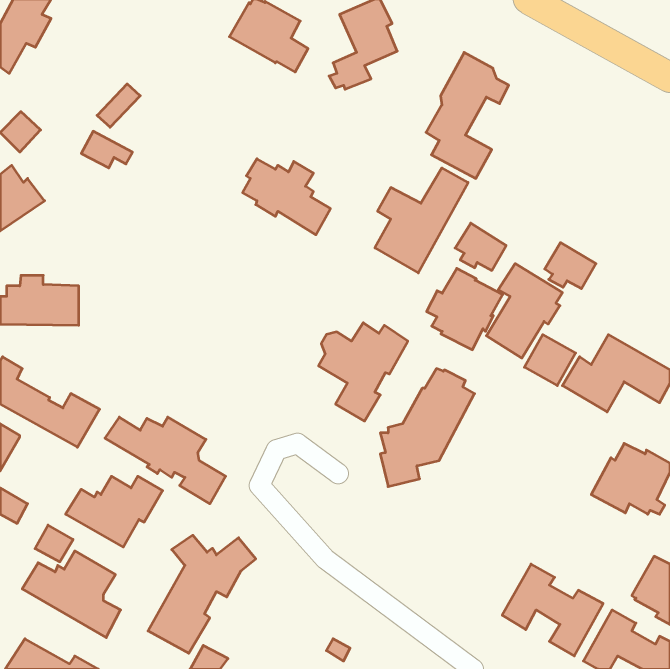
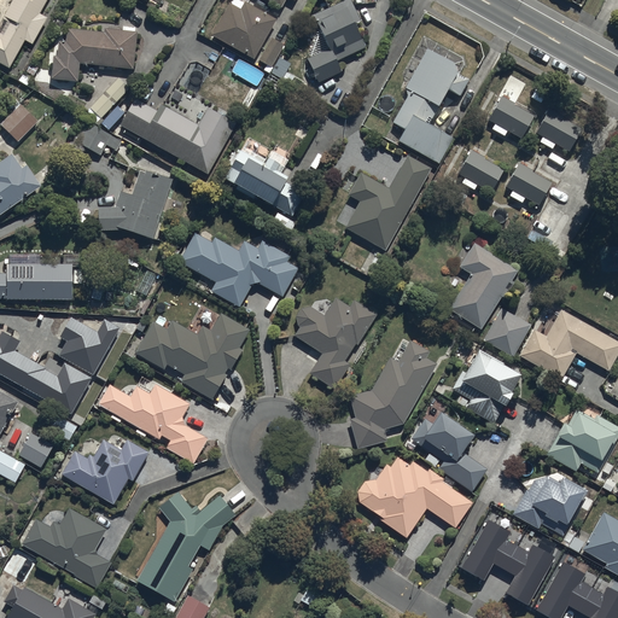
building: none -> [51,25,136,80]
building: none -> [488,94,535,138]
building: none -> [119,98,237,174]
building: none -> [535,109,582,151]
building: none -> [98,170,173,238]
building: [455,223,506,270] -> [456,148,503,192]
building: [545,243,596,289] -> [505,162,552,204]
building: none -> [177,232,298,307]
building: [427,268,503,350] -> [451,349,521,424]
building: none -> [134,311,250,398]
building: none -> [59,315,119,373]
building: none -> [409,406,488,491]
building: none -> [357,456,472,537]
building: none -> [513,476,584,535]
building: [35,525,73,562] -> [18,432,53,466]

